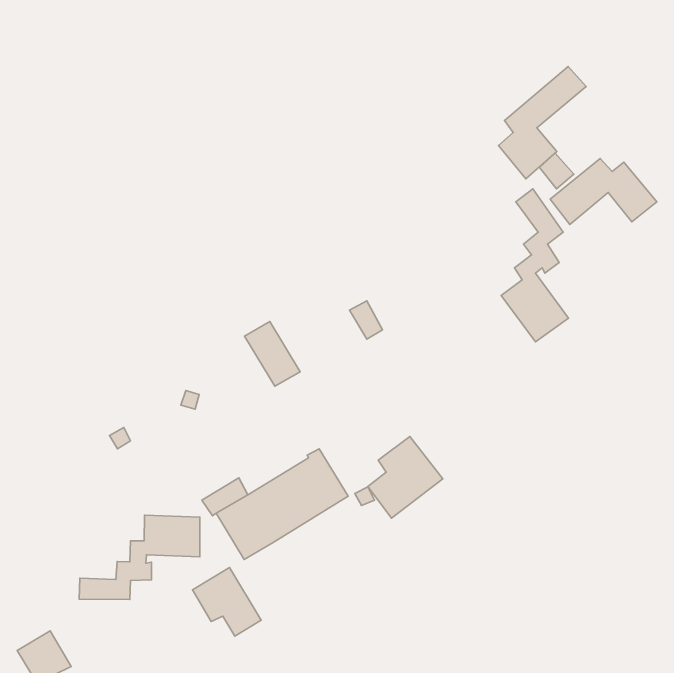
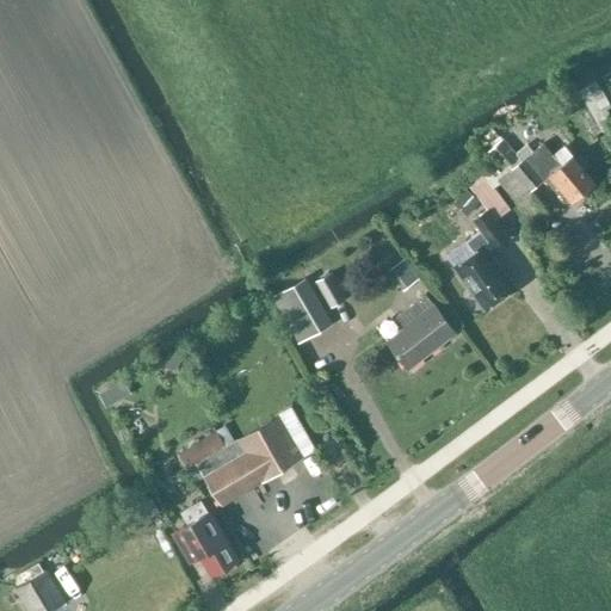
building: [498,66,586,179] -> none
building: [245,322,300,386] -> [283,279,333,338]
building: [368,437,443,518] -> [387,296,455,370]
building: [79,515,200,600] -> none

